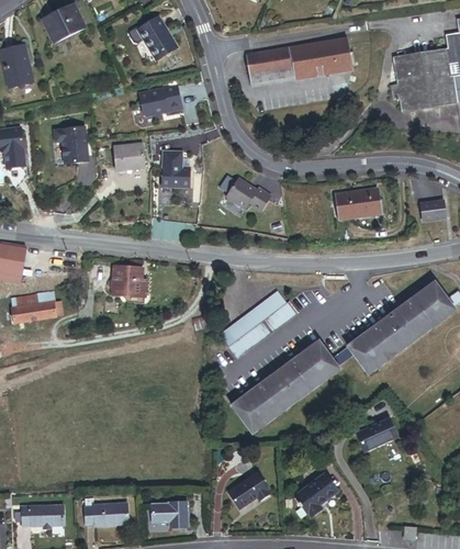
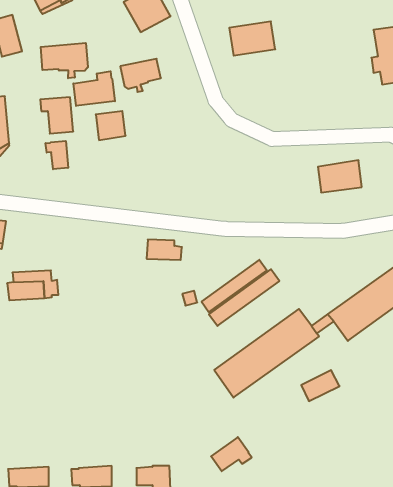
building: [290,36,355,77] -> none
building: none -> [41,43,88,78]
building: none -> [73,71,115,106]
building: [155,149,183,186] -> none
building: none -> [46,141,68,169]
building: [229,177,276,211] -> none
building: [116,266,153,287] -> [147,240,182,260]
building: [357,421,396,452] -> [301,370,340,401]
building: [293,477,336,517] -> none

